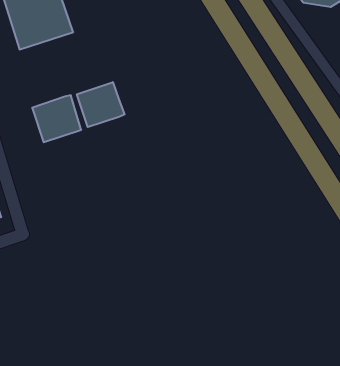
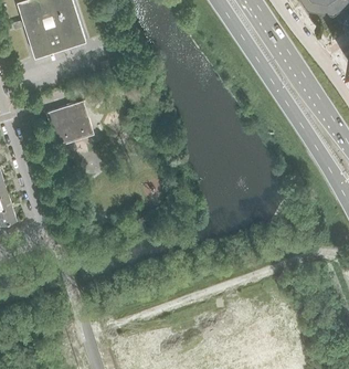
building: [77,82,125,127] -> none

